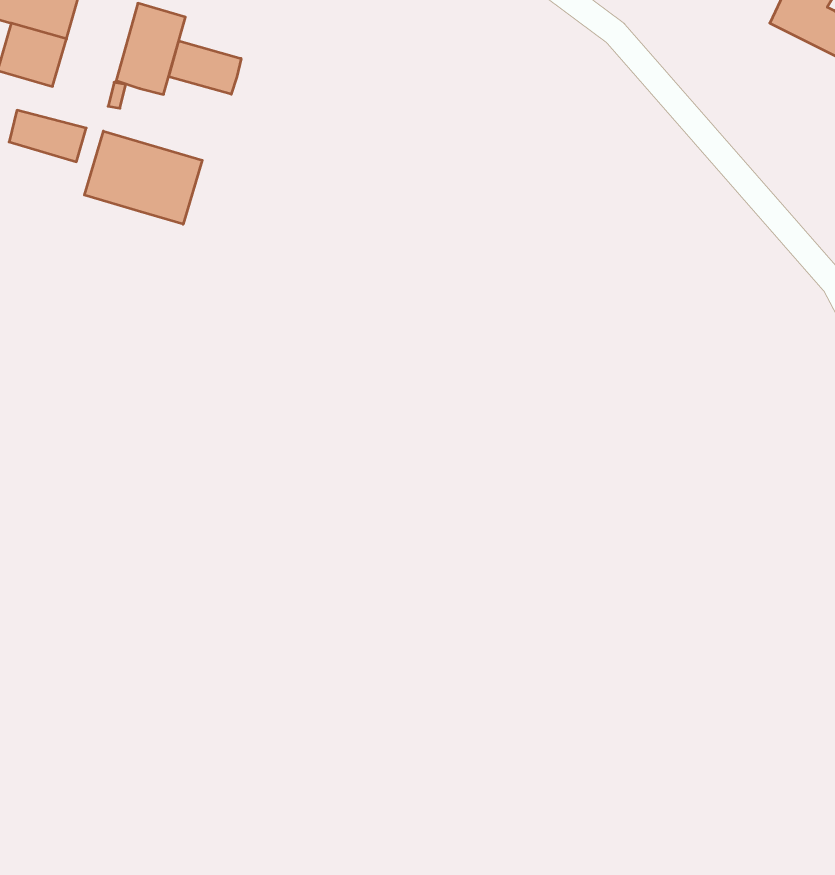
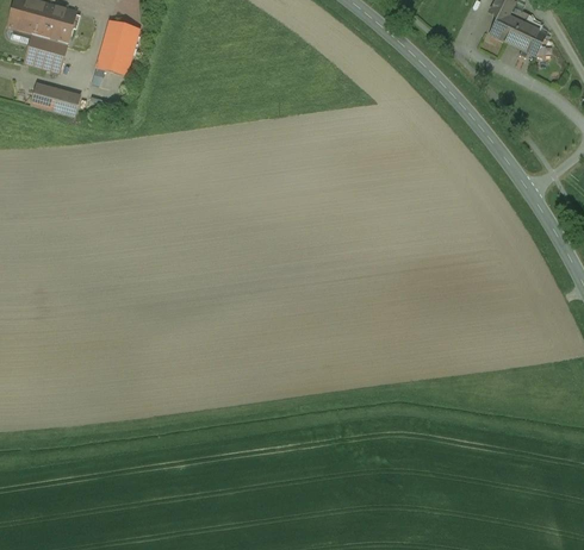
building: [169,41,241,94] -> none
building: [84,131,202,224] -> none

